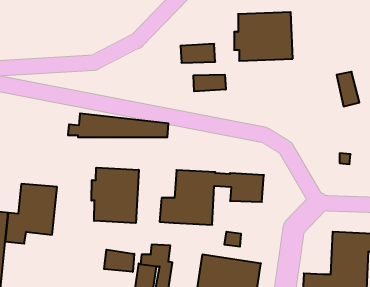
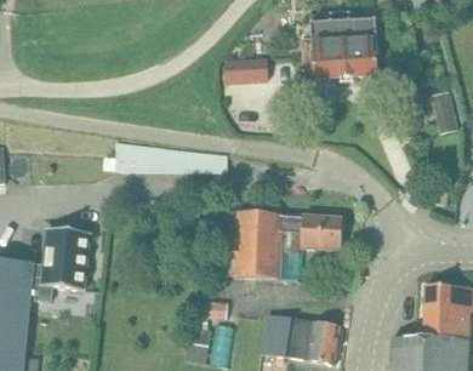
building: [194,75,226,91] -> none
building: [91,168,139,223] -> none
building: [104,250,134,272] -> none

